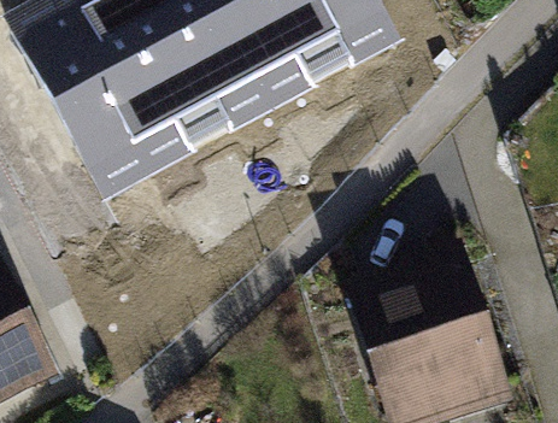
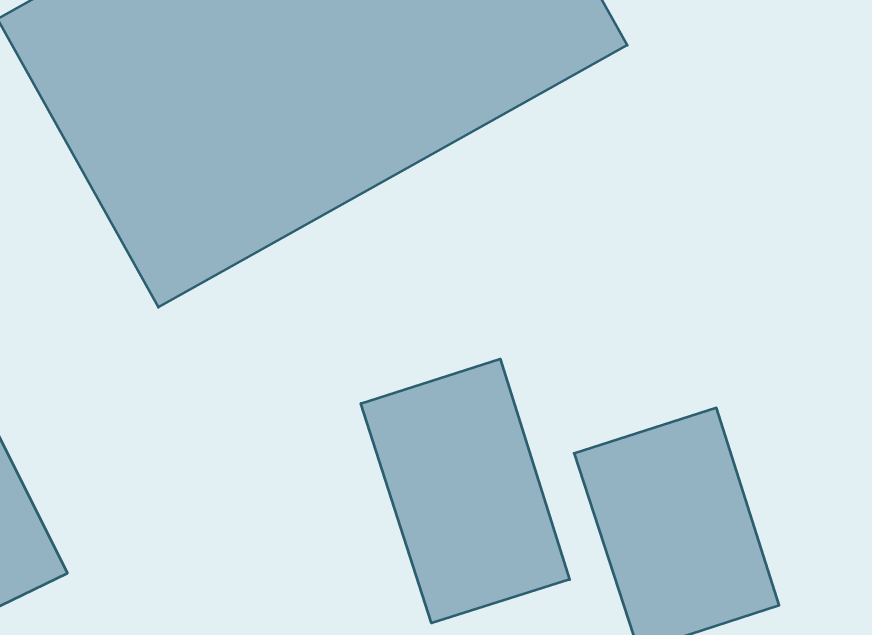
building: none -> [361,359,570,623]

